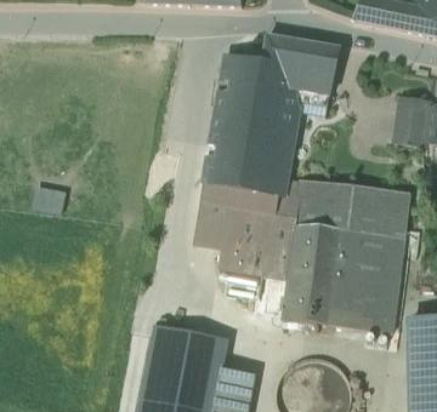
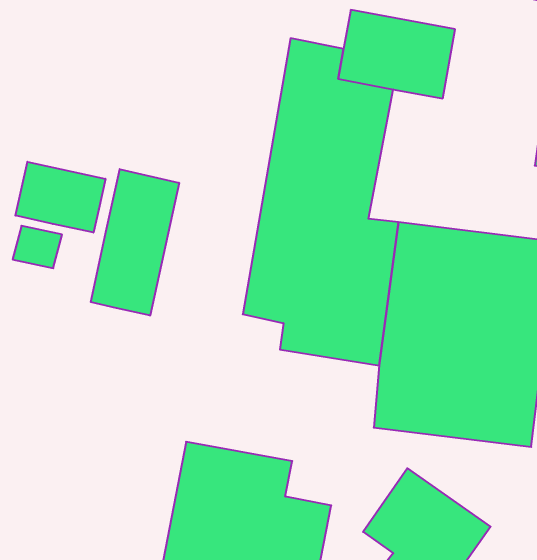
building: none -> [15,162,105,233]
building: none -> [91,169,179,316]

